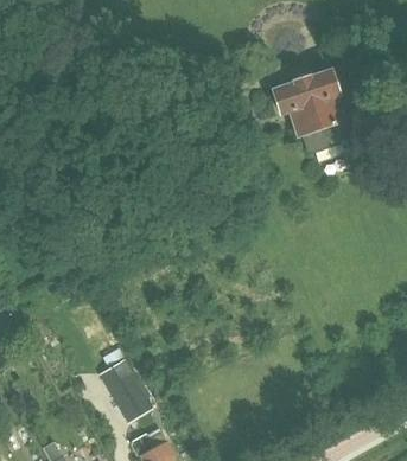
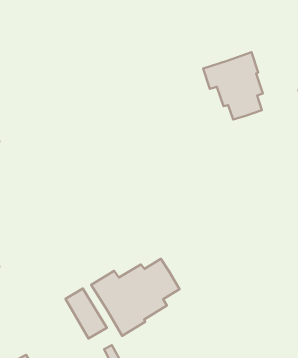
building: none -> [91,259,180,336]

